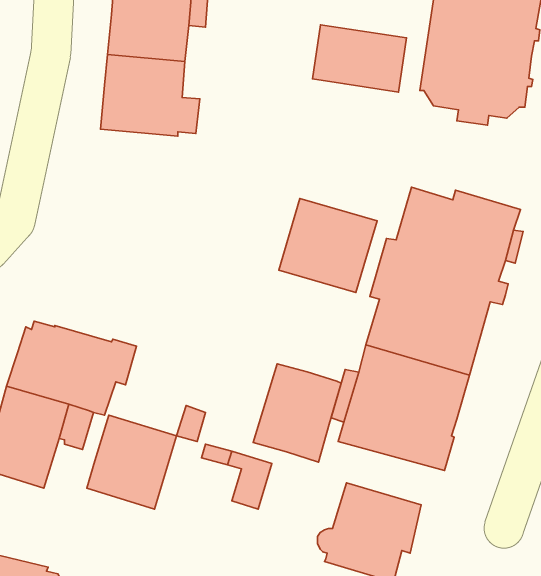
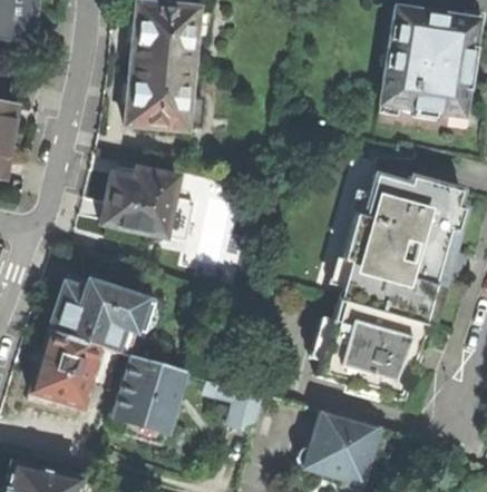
building: [312,25,406,92] -> none
building: none -> [101,167,176,237]
building: [279,198,377,293] -> none
building: [253,364,341,462] -> none

